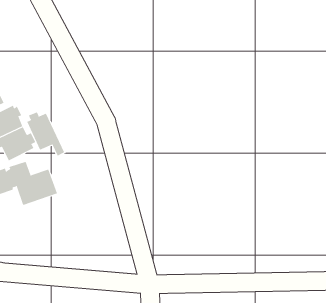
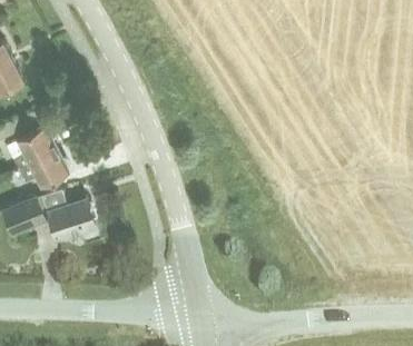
building: [27,111,65,156] -> none

